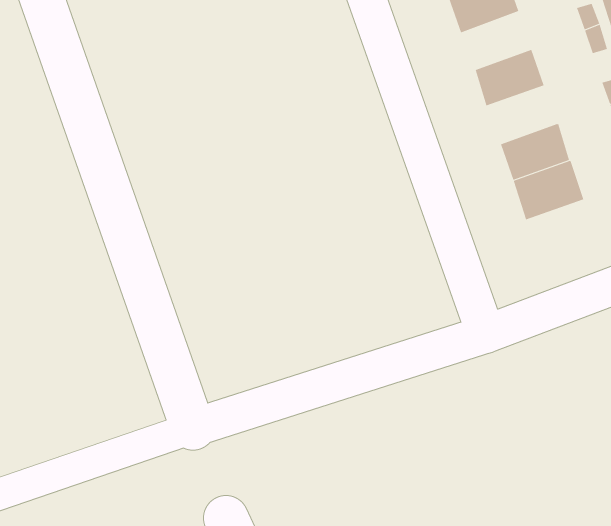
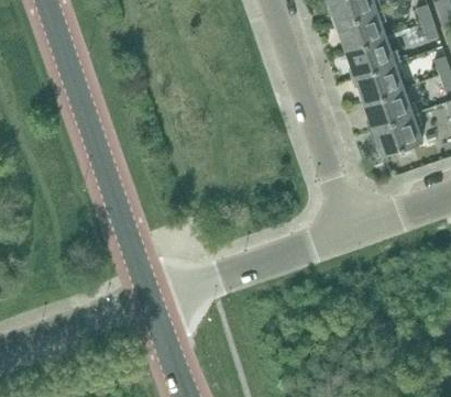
building: none -> [336,10,385,51]
building: none -> [353,62,403,102]

